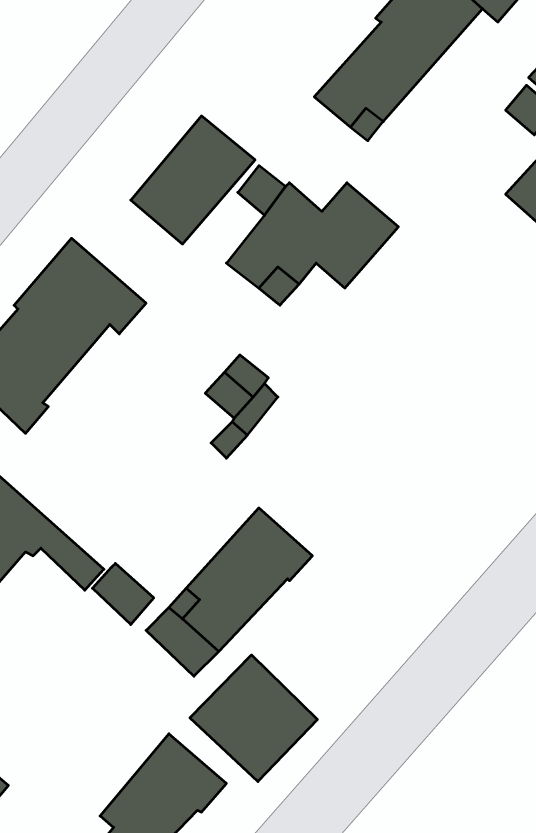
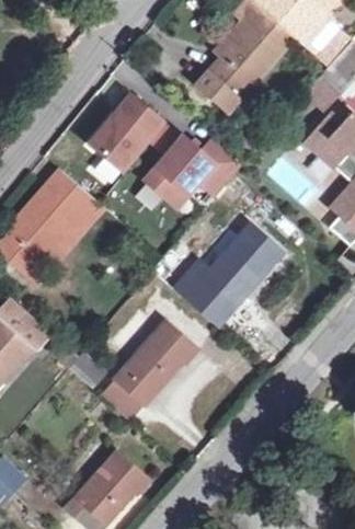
building: none -> [174,225,282,326]
building: [190,655,317,782] -> none

